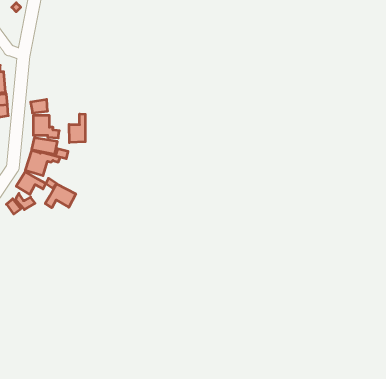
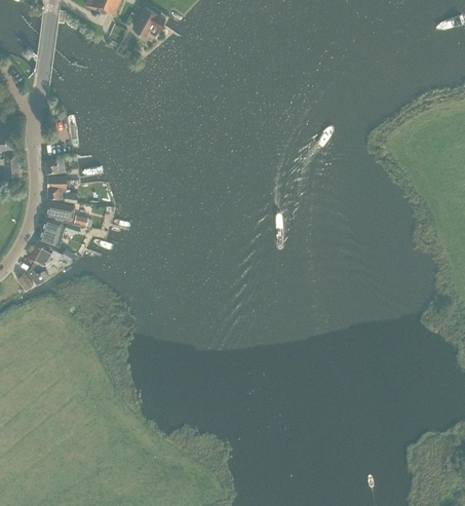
building: [69,114,85,143] -> none
building: [45,184,76,208] -> none

